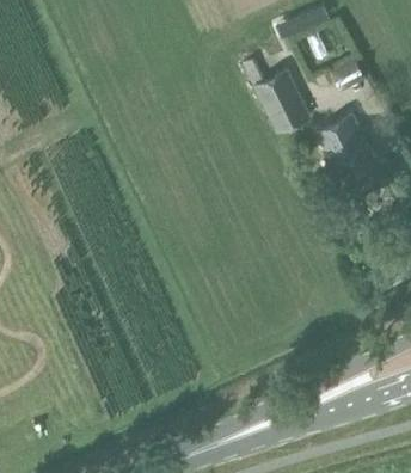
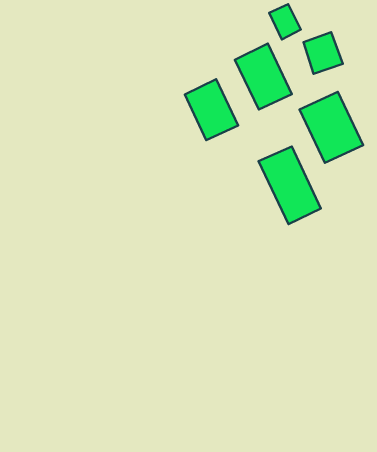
building: none -> [185,79,238,140]
building: none -> [258,146,321,224]

